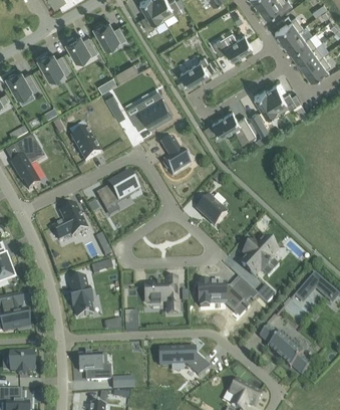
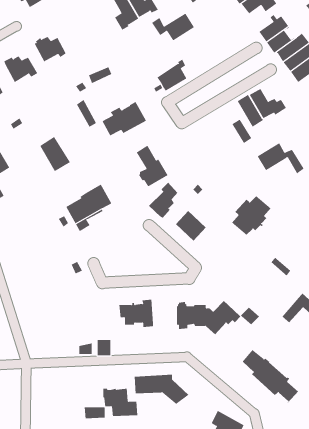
building: [93,21,125,46] -> none
building: [212,34,252,60] -> [151,13,195,41]
building: [211,111,255,140] -> [257,143,304,174]
building: none -> [148,182,178,218]
building: [52,204,87,240] -> none
building: [240,238,277,275] -> [231,195,271,236]
building: [69,278,91,317] -> none
building: [77,354,110,380] -> [102,388,138,417]

